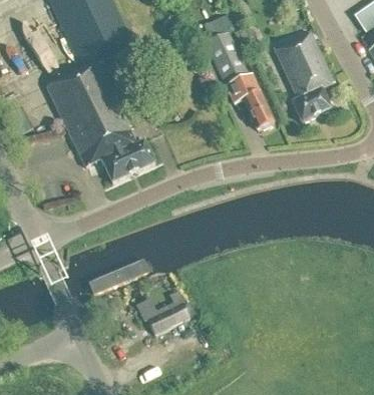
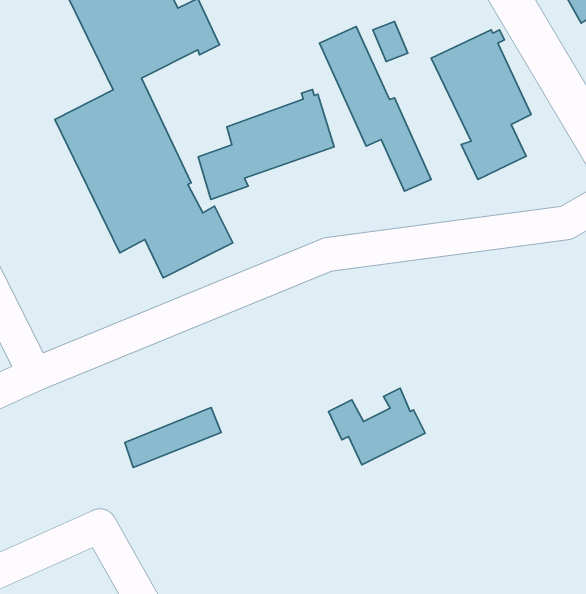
building: none -> [198,90,334,199]
building: [135,290,194,336] -> [329,388,425,465]

